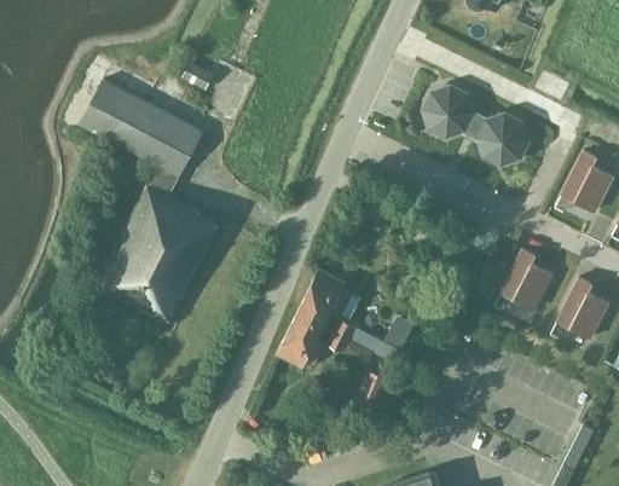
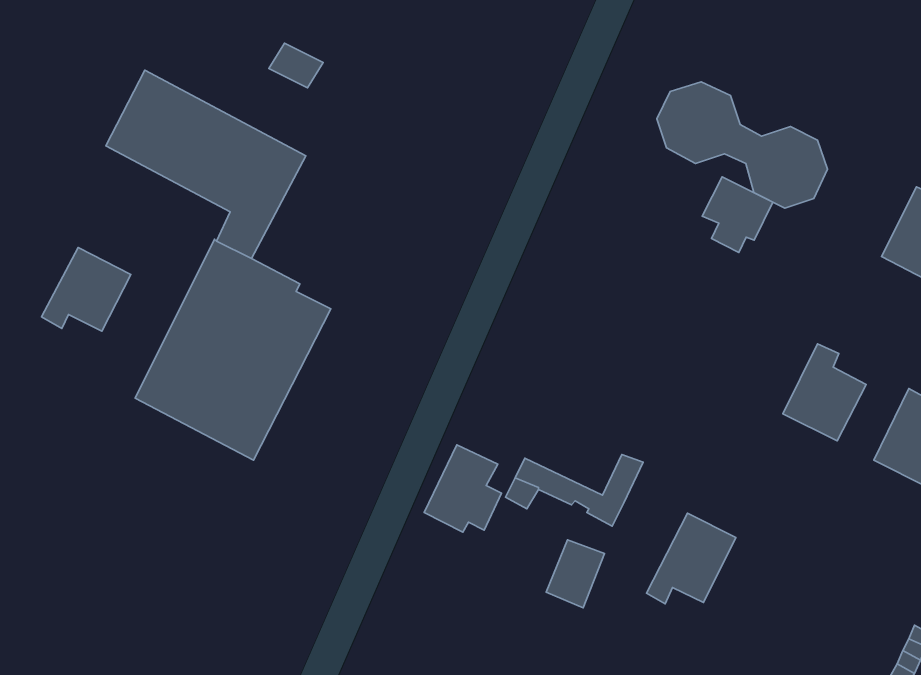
building: none -> [702,177,773,252]
building: none -> [41,248,131,331]
building: [296,270,351,324] -> none
building: none -> [646,513,736,604]

